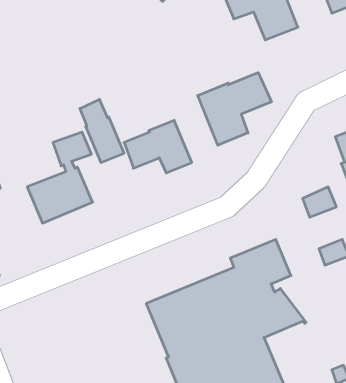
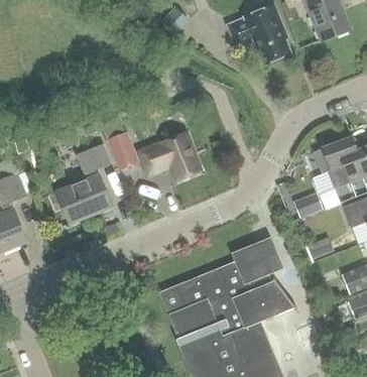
building: [198,73,271,145] -> none

